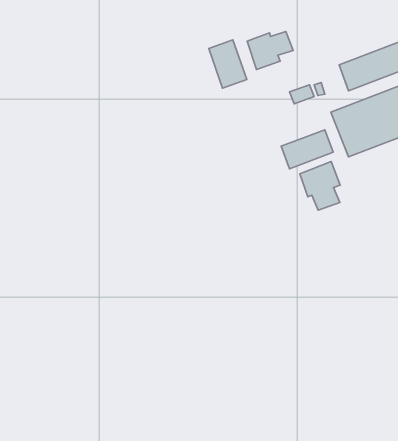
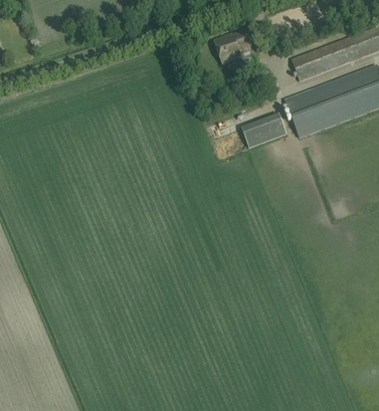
building: [209,40,247,88] -> none
building: [300,161,340,210] -> none

